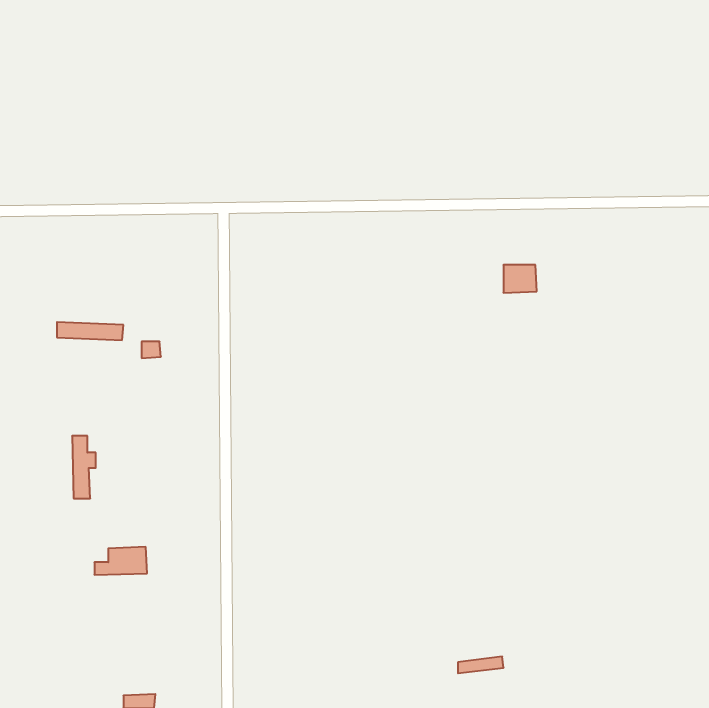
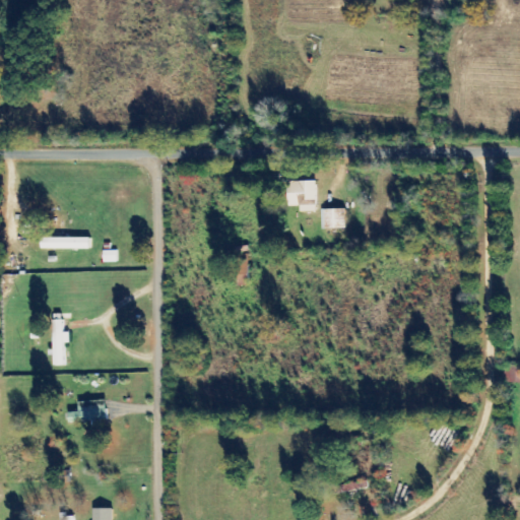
building: none -> [287,181,317,211]
building: [503,265,537,293] -> [322,208,346,229]

